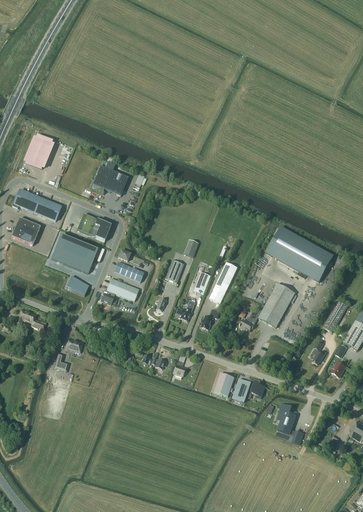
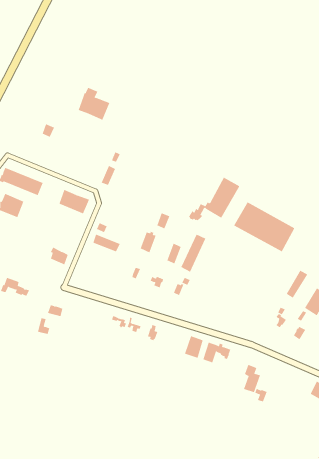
building: [24,136,52,168] -> none
building: [93,160,128,196] -> [78,87,110,120]
building: [51,235,98,273] -> none
building: [100,278,139,305] -> none
building: [239,282,295,330] -> [188,177,240,221]

